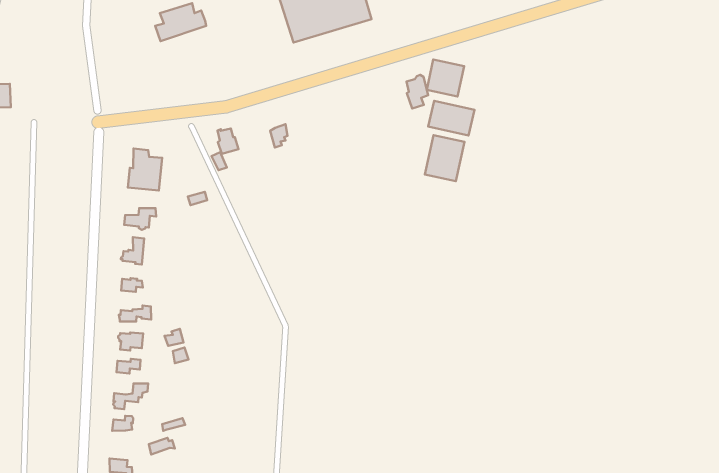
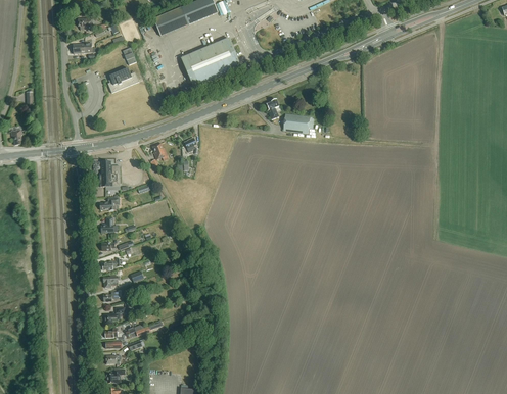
building: [427,59,464,97] -> none
building: [425,135,464,181] -> none

